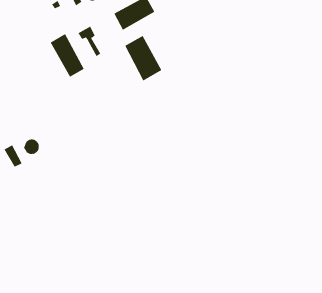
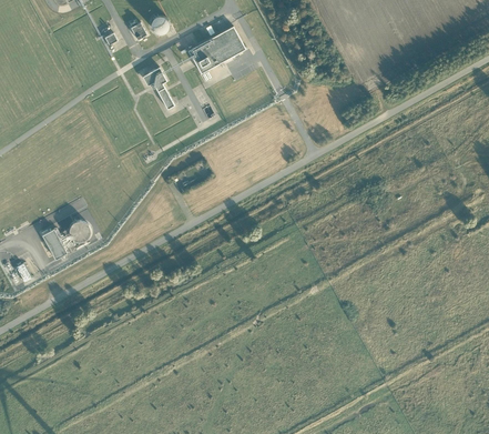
building: [50,33,85,77] -> none
building: [124,35,162,81] -> none

